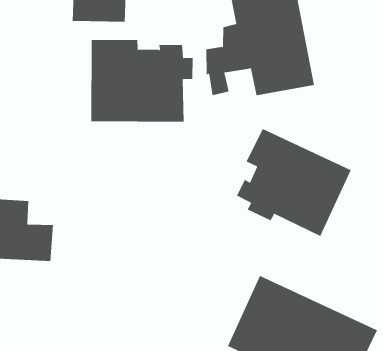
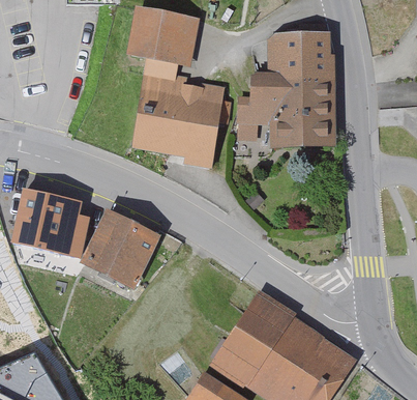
building: [236,128,351,237] -> none
building: none -> [86,216,156,285]

